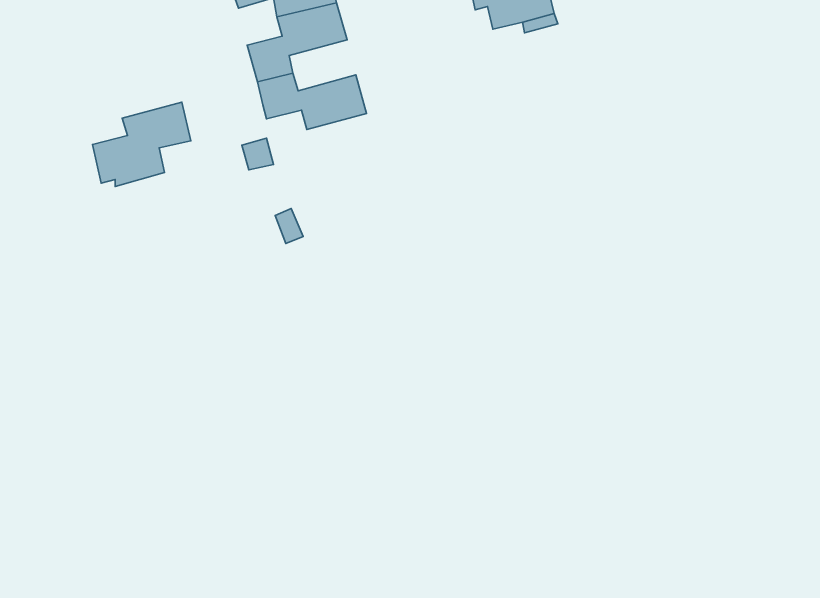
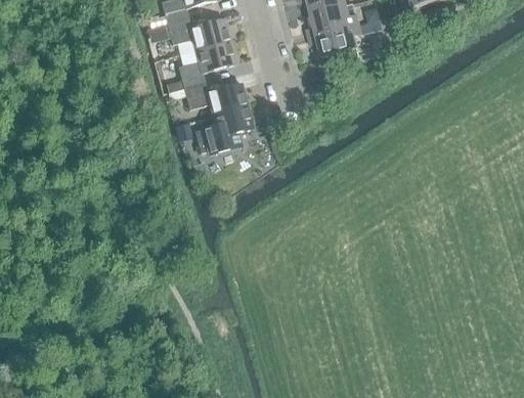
building: [92,102,191,187] -> [194,105,252,154]

